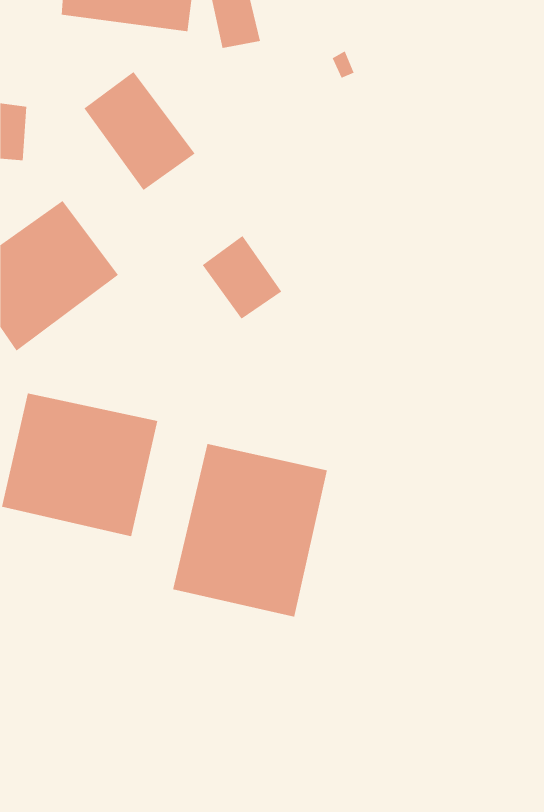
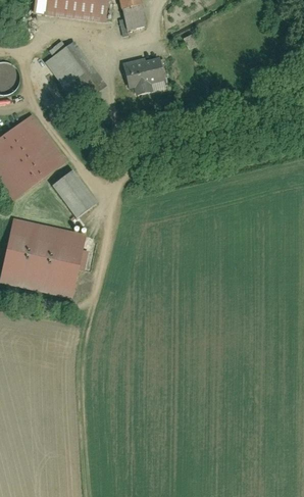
building: none -> [123,60,164,99]
building: [202,235,282,319] -> [55,169,99,215]
building: [172,443,328,618] -> none

